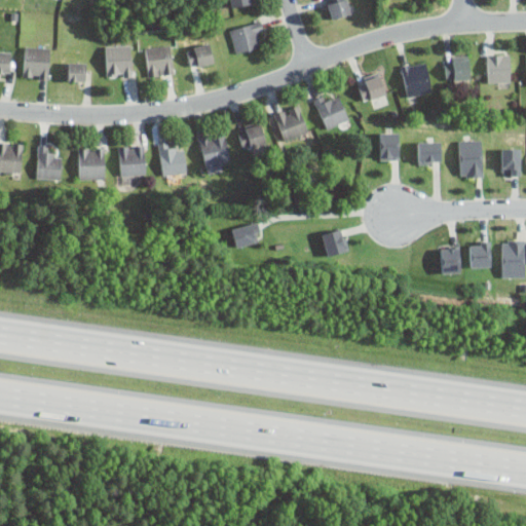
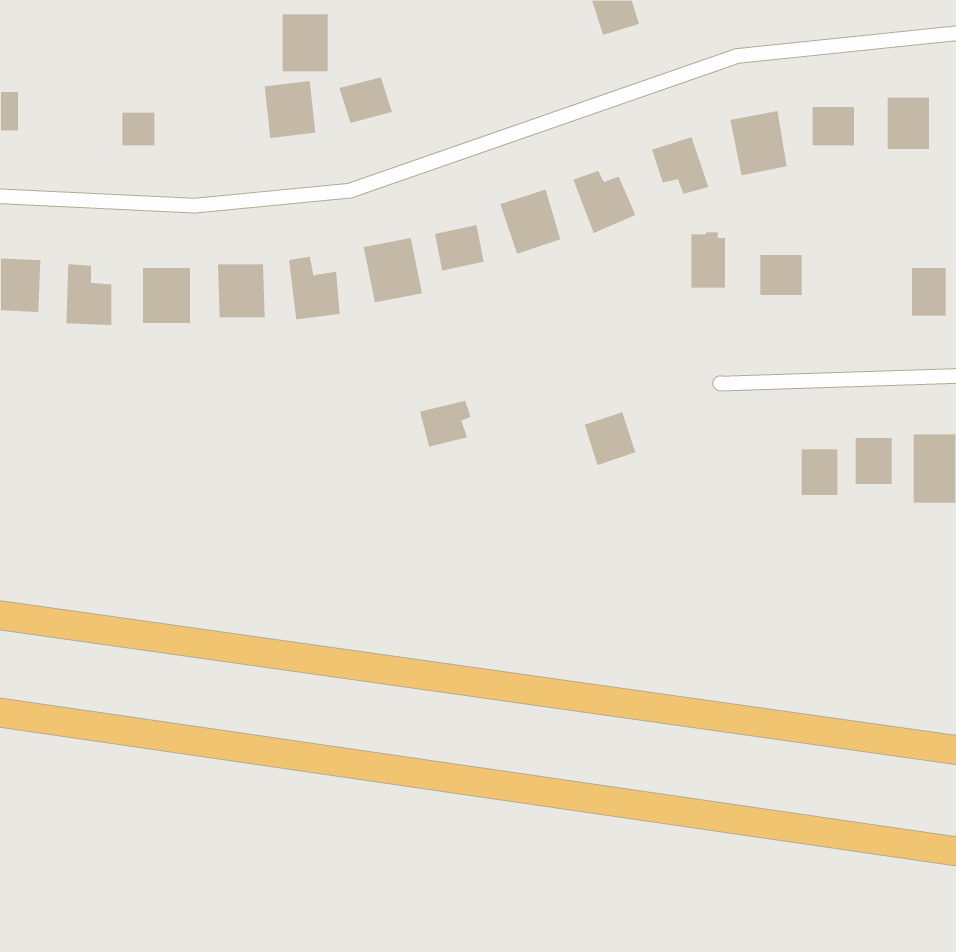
building: [230,24,264,54] -> none
building: [106,46,132,78] -> [282,14,329,72]
building: [24,48,49,79] -> none
building: [458,140,483,179] -> none

